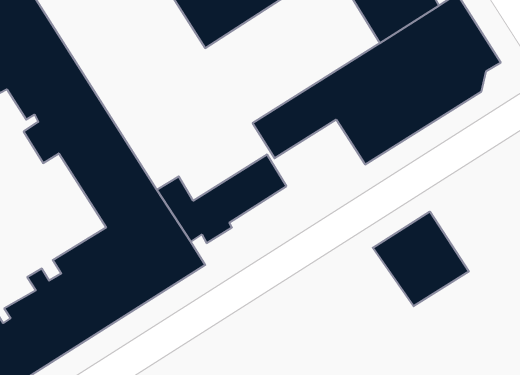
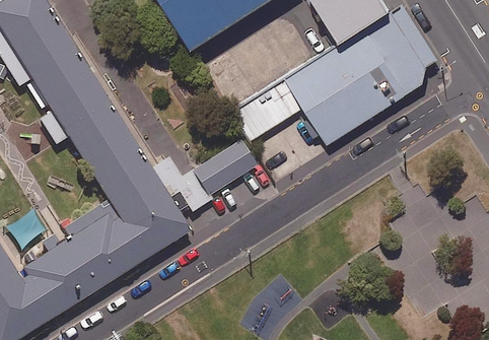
building: [373,212,469,306] -> none

